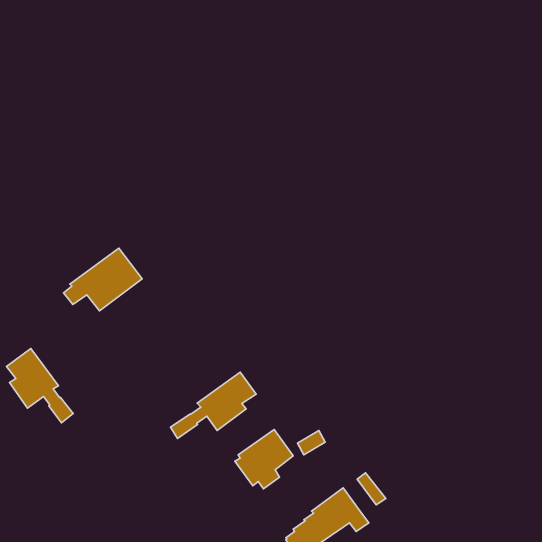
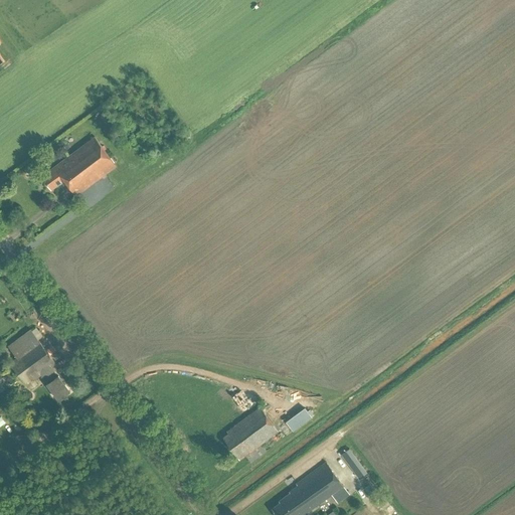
building: [63,248,142,311] -> [41,138,116,197]
building: [170,372,256,439] -> none

